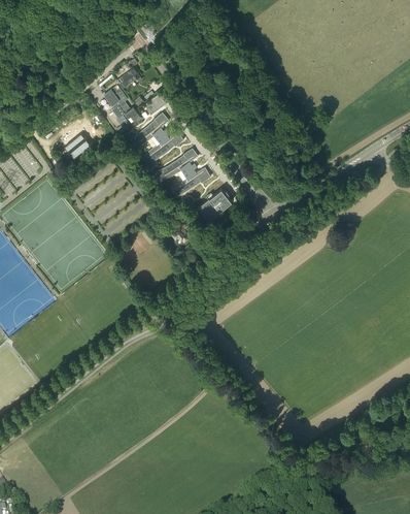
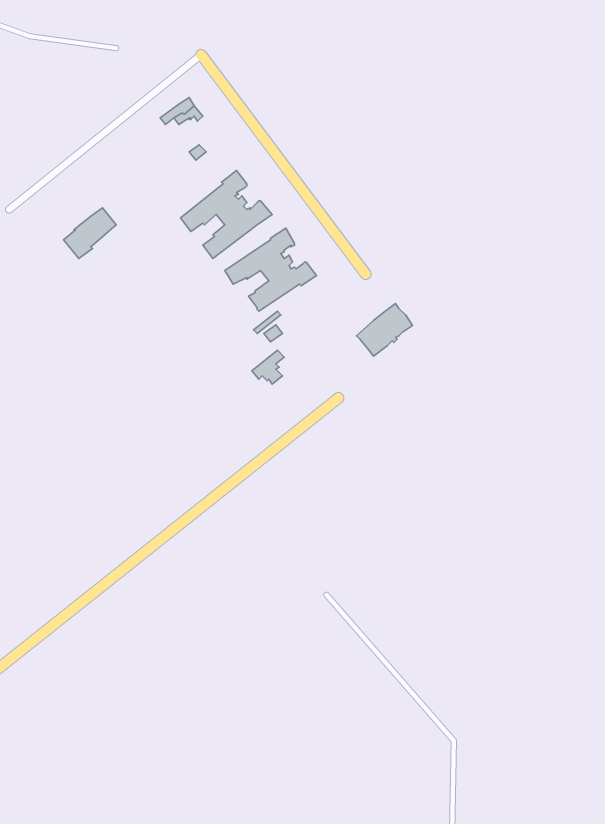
building: [104,86,140,128] -> none
building: [198,189,232,221] -> [357,303,413,356]

